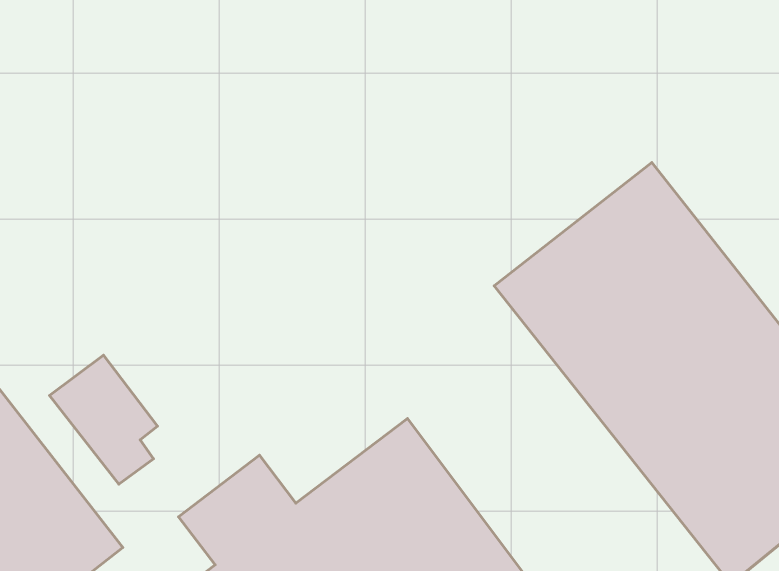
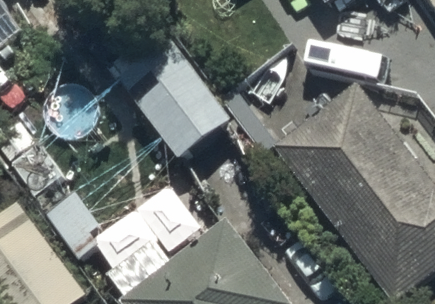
building: none -> [109,26,231,159]

